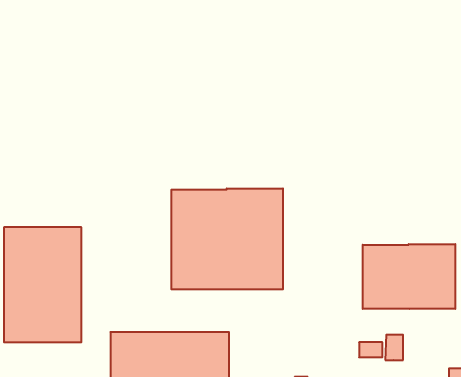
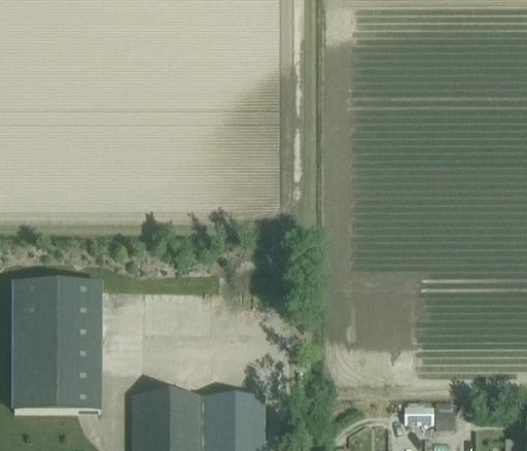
building: [171,188,283,289] -> none
building: [363,244,455,309] -> none

